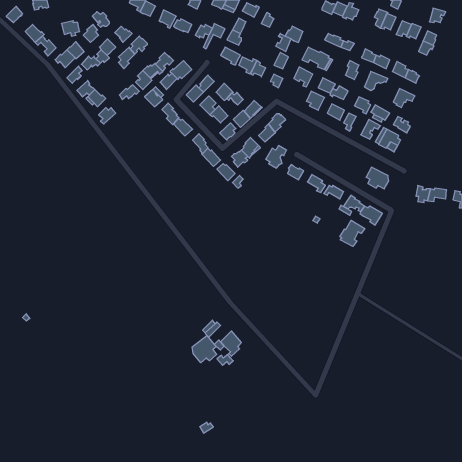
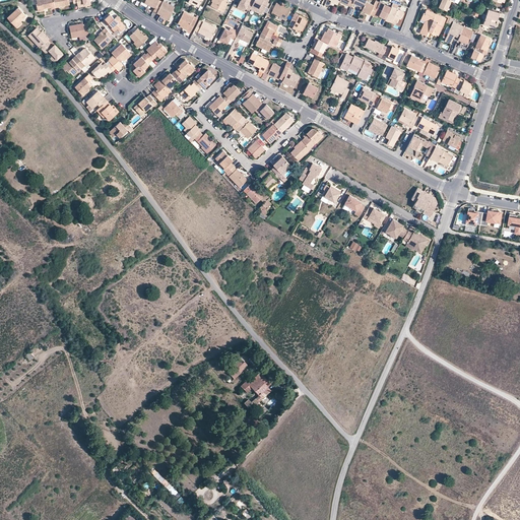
building: [340,220,365,246] -> none
building: [192,336,217,363] -> none

